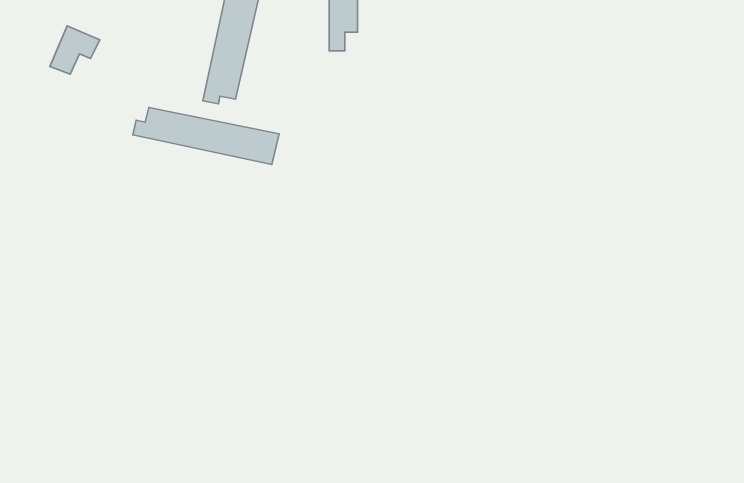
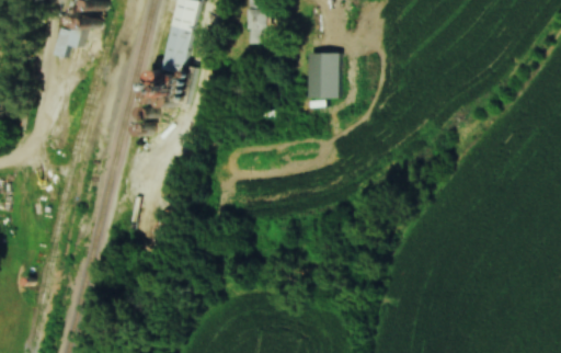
building: none -> [307,54,340,100]
building: [133,108,279,164] -> none

